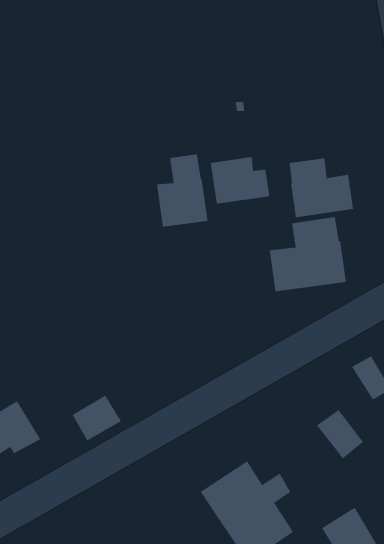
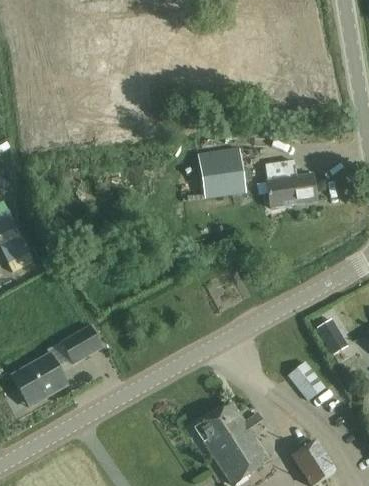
building: [157,153,208,227] -> none
building: [269,216,347,292] -> none
building: [72,395,122,441] -> [60,326,100,363]

